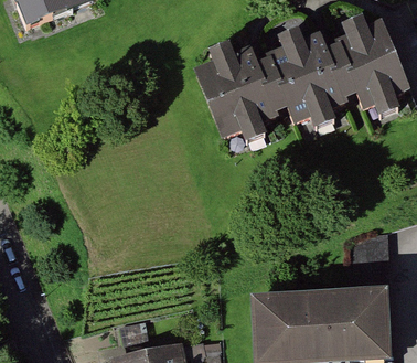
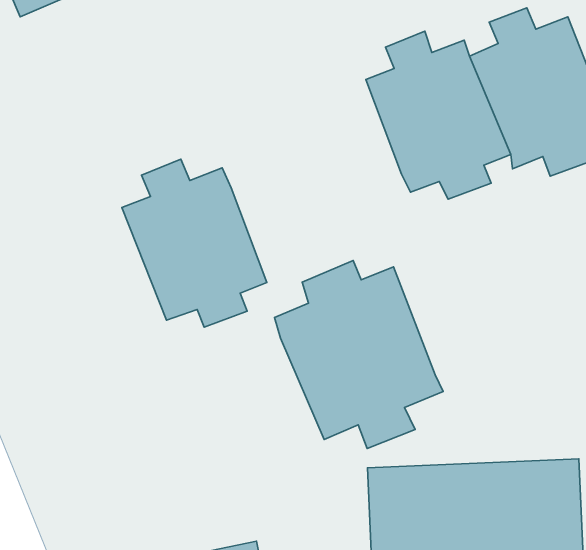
building: [189,36,278,140] -> [122,159,267,327]
building: none -> [274,261,443,448]

